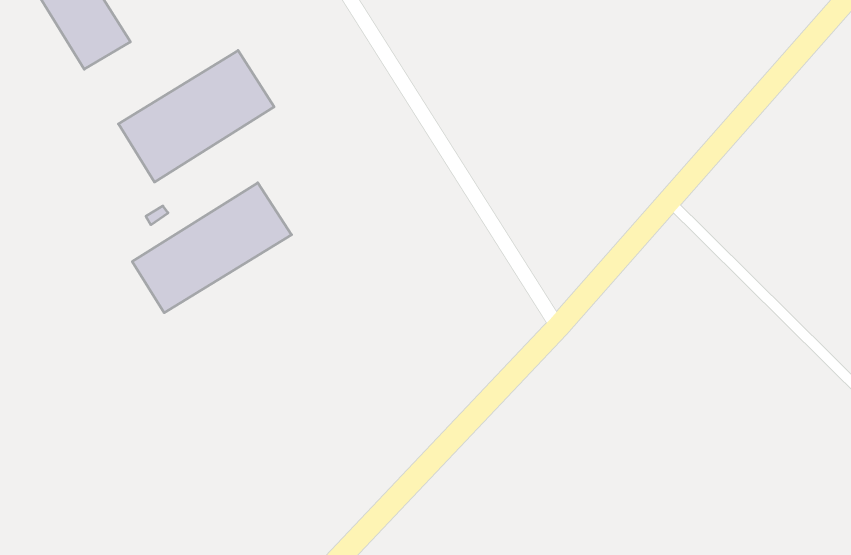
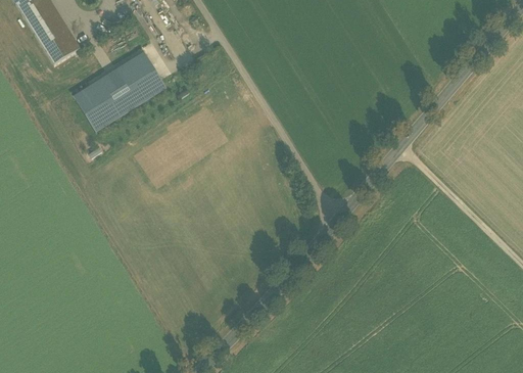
building: [132,183,292,313] -> none

